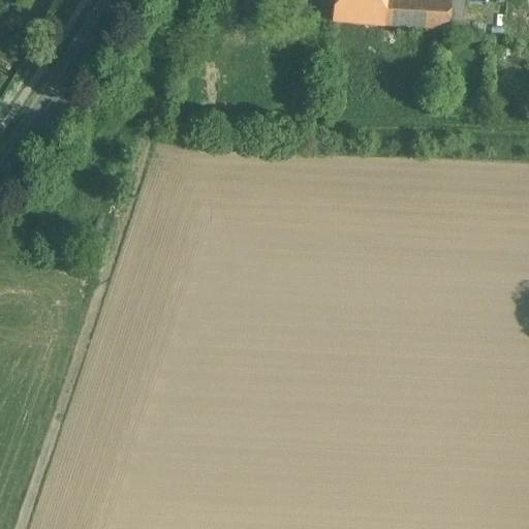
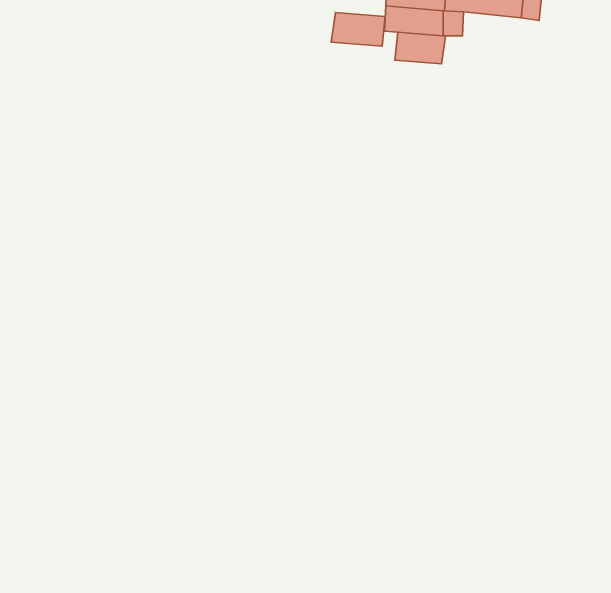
building: none -> [331,12,385,46]
building: none -> [395,32,445,64]

